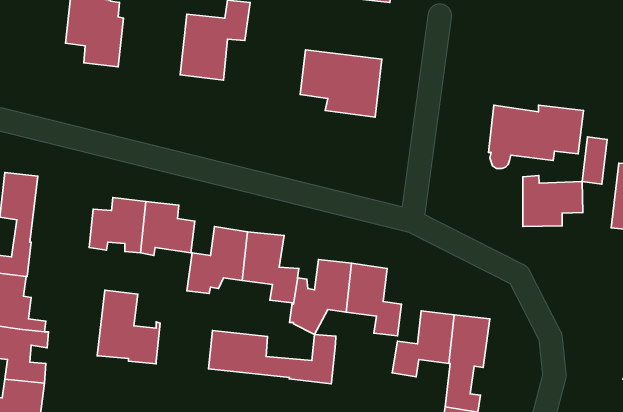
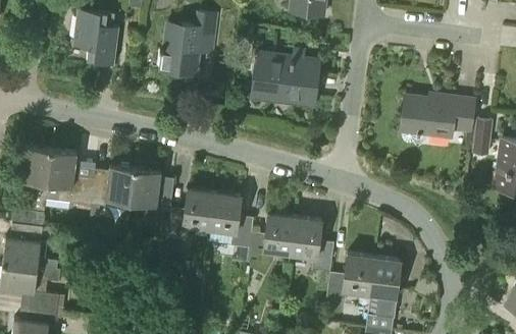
building: [523,175,583,227] -> none
building: [97,290,160,364] -> [45,150,94,207]
building: [208,330,336,384] -> none

